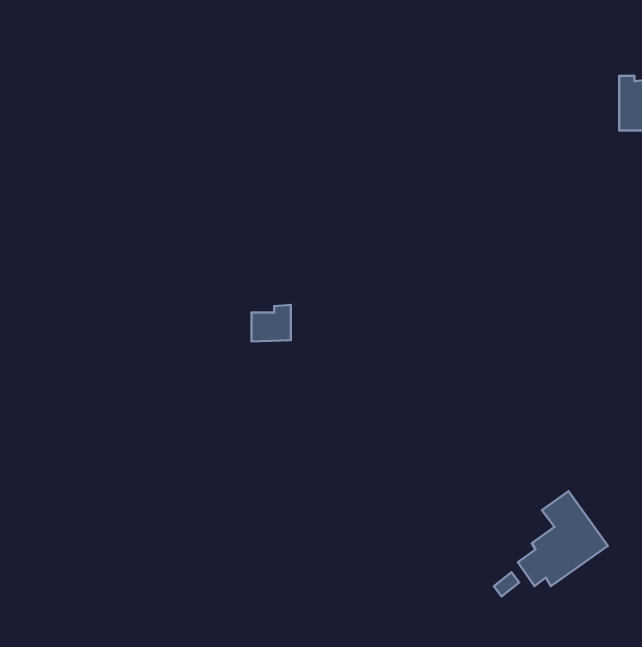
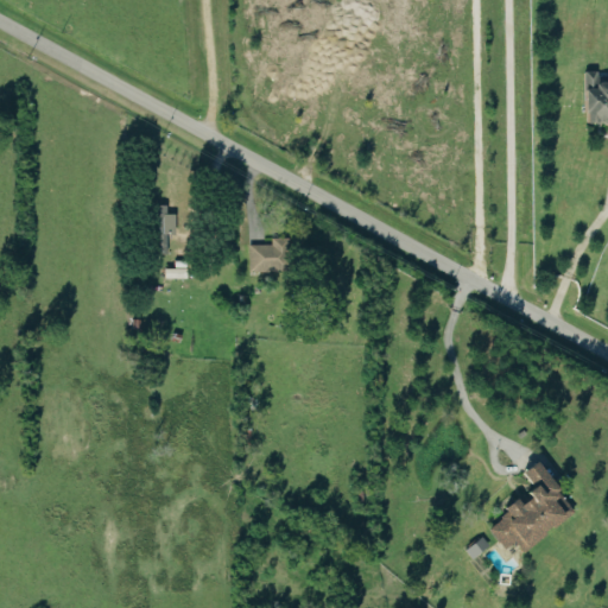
building: none -> [157,205,178,253]
building: [251,305,291,341] -> [253,238,290,272]

